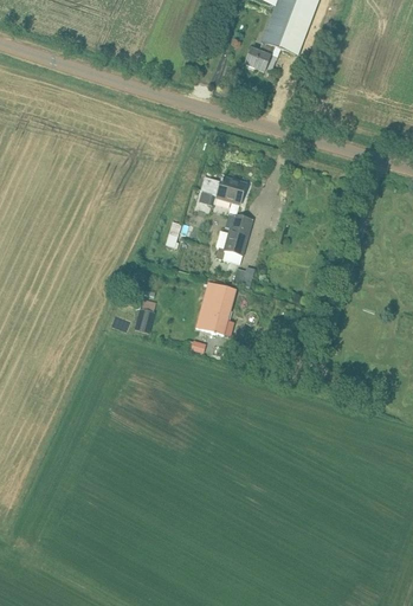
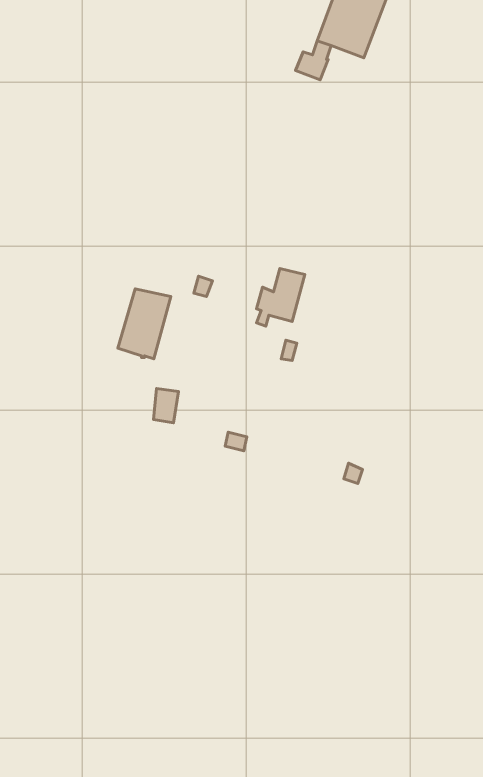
building: [200,176,245,204] -> none
building: [195,282,235,335] -> [118,289,171,359]

